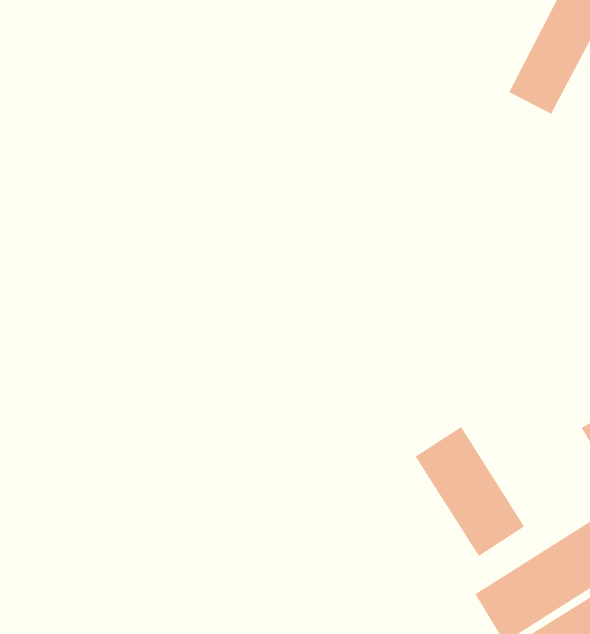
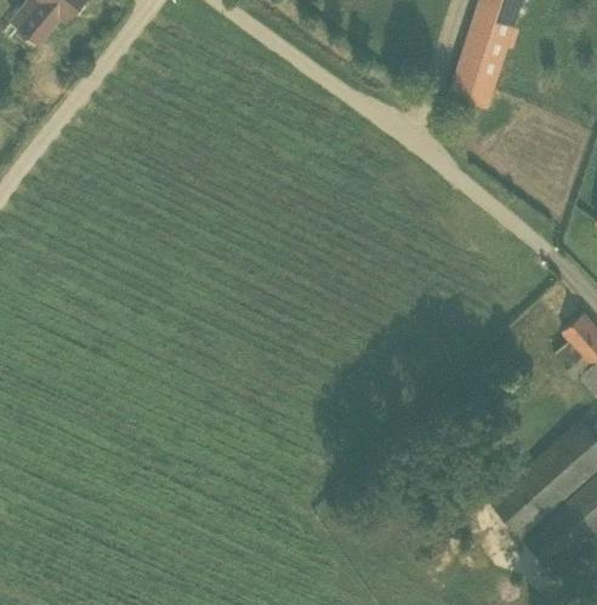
building: [415,426,525,557] -> none

